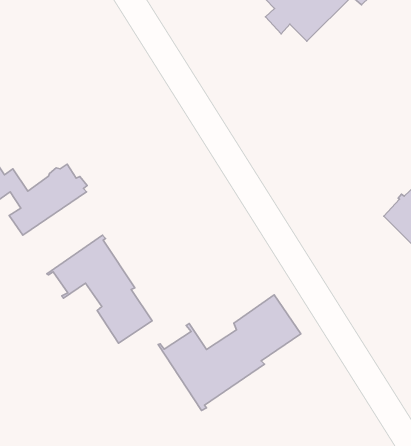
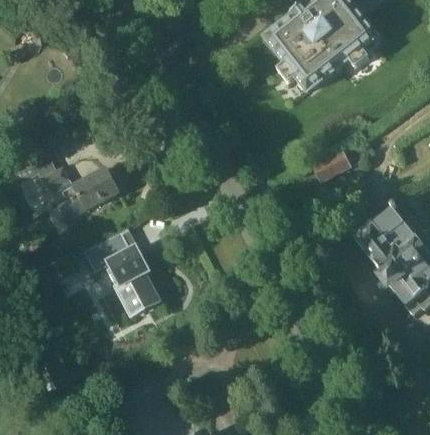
building: none -> [312,153,348,182]
building: [158,295,301,411] -> none

